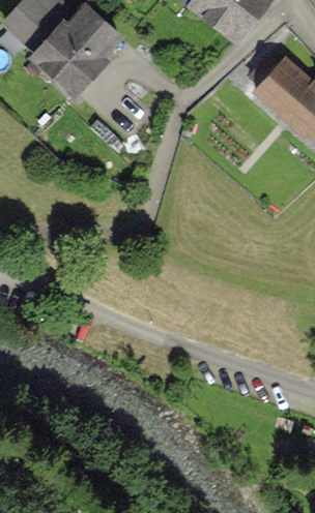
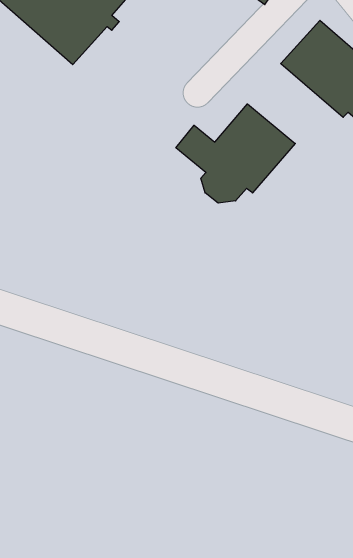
building: none -> [176,104,295,203]

